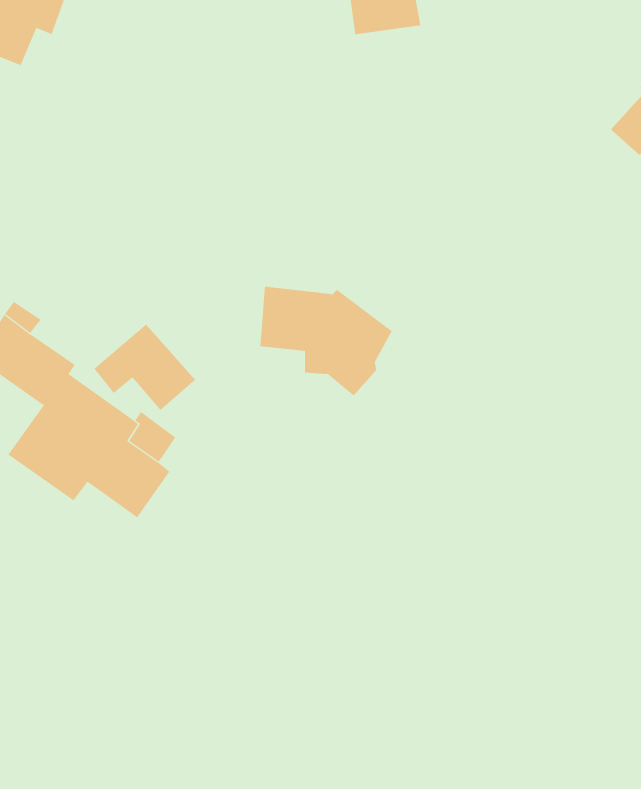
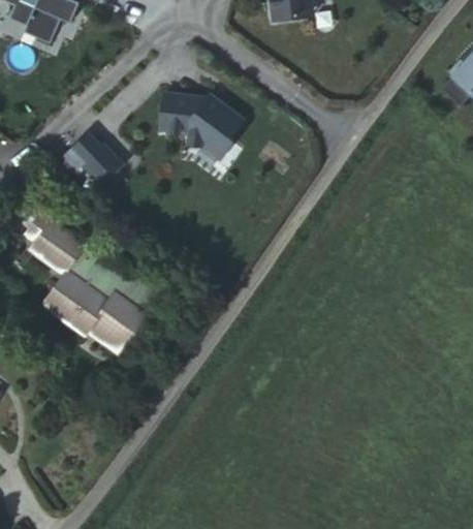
building: [259,286,393,396] -> [156,90,245,163]
building: [93,324,196,411] -> [54,131,122,189]

